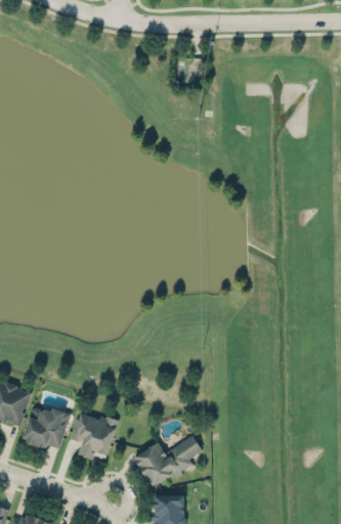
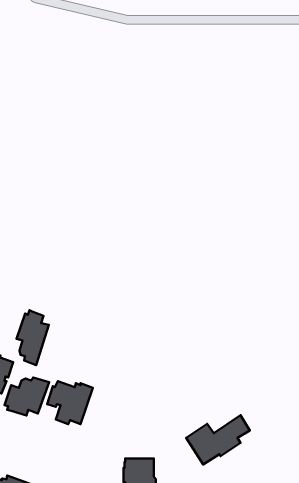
building: none -> [17,310,49,365]
building: [134,434,203,487] -> [186,415,250,465]

